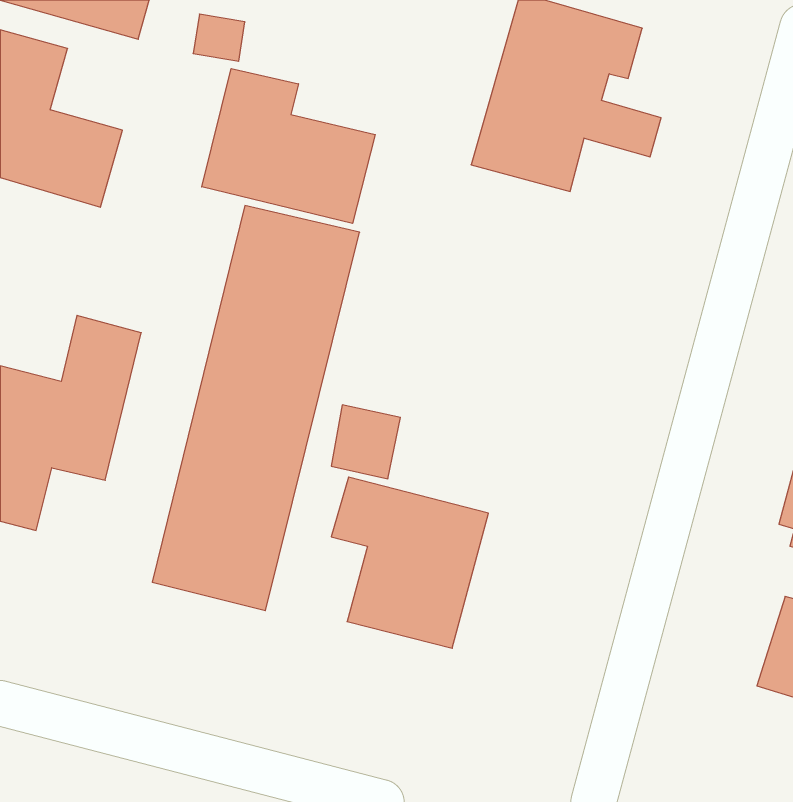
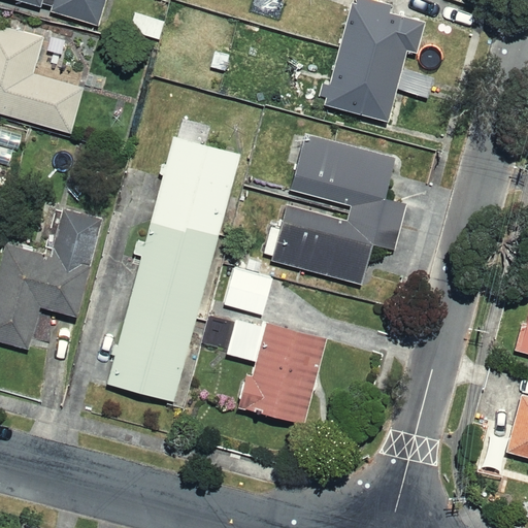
building: [202,69,375,223] -> none
building: none -> [257,137,408,284]

